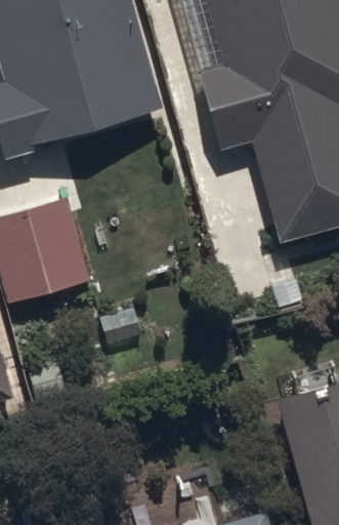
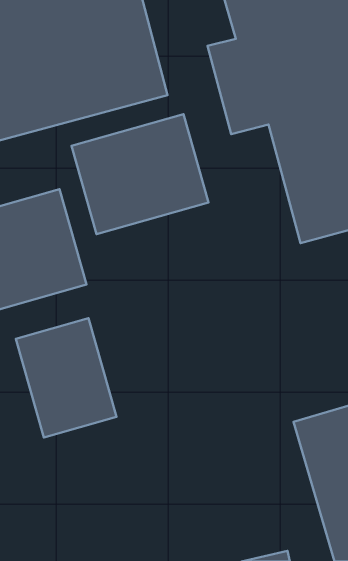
building: none -> [71,114,209,234]
building: none -> [16,318,117,437]

